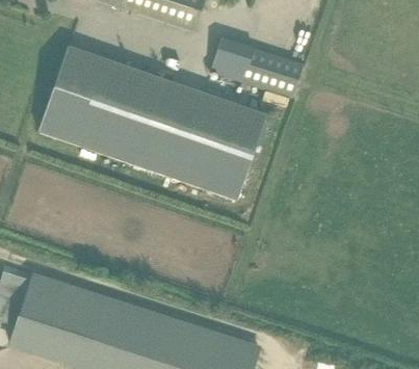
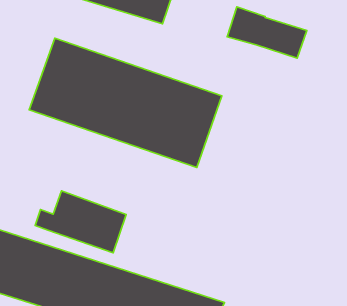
building: [210,35,304,96] -> [227,7,307,58]
building: none -> [35,191,126,253]

